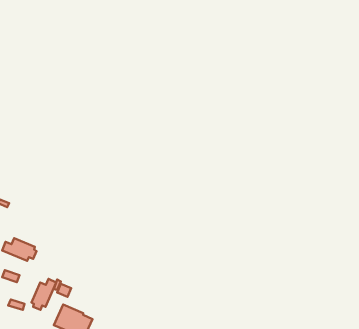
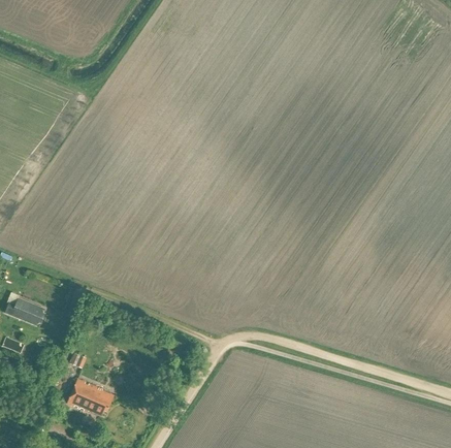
building: [32,279,56,310] -> none

